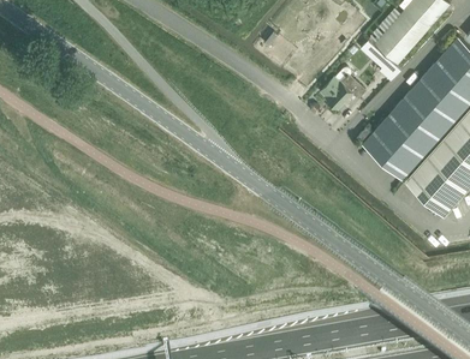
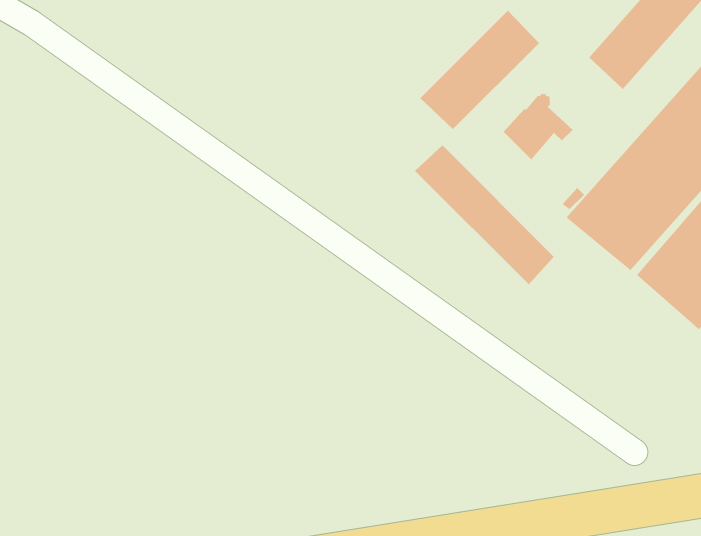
building: none -> [419,10,540,130]
building: none -> [414,145,554,285]

